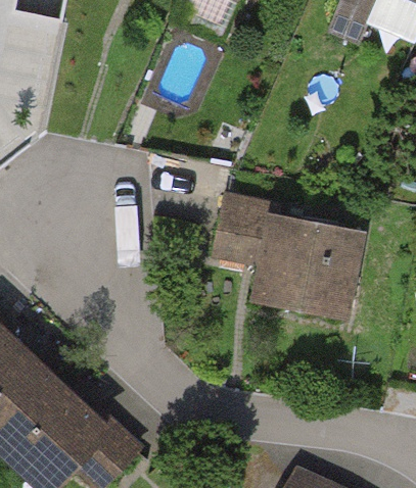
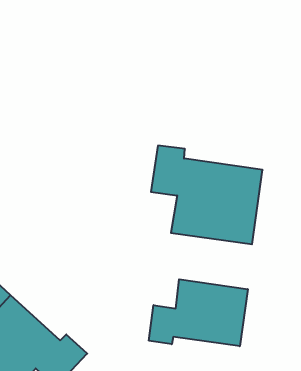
building: none -> [149,279,248,346]

